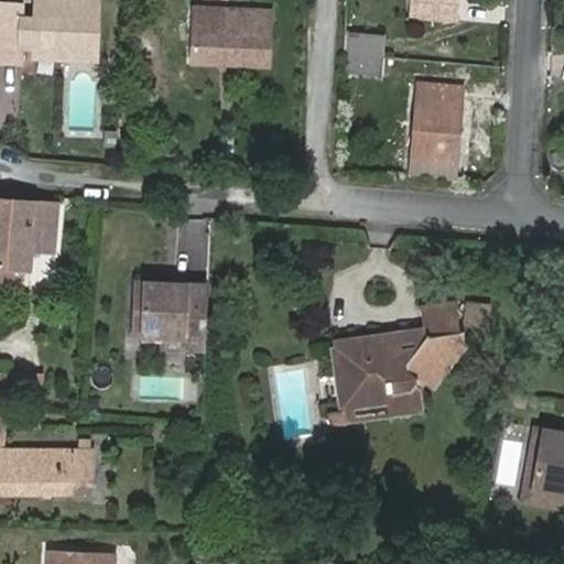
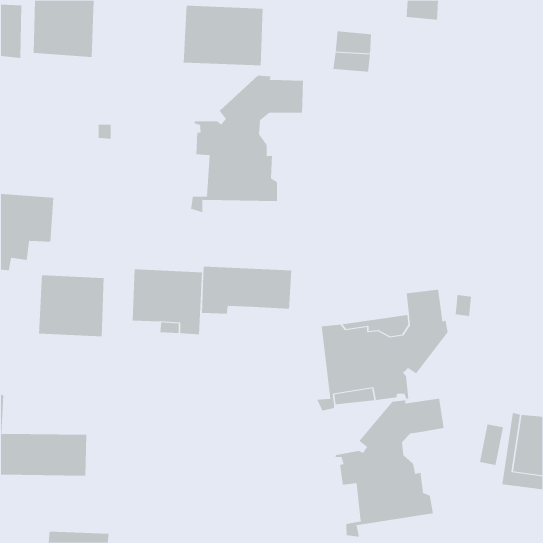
building: none -> [190,75,303,213]
building: [413,87,460,162] -> none
building: none -> [201,266,292,315]
building: none -> [38,275,104,337]
building: none -> [335,398,444,538]

